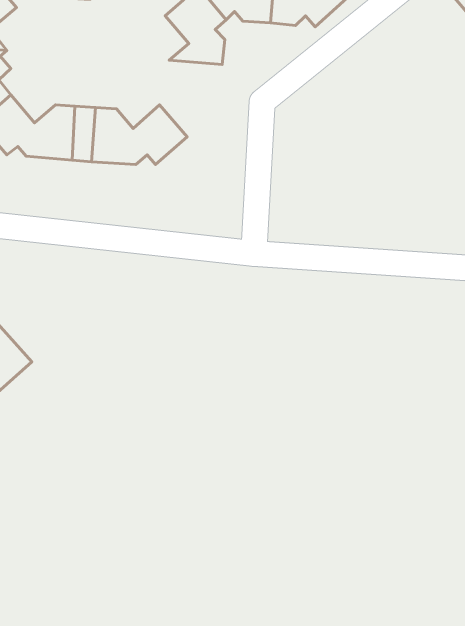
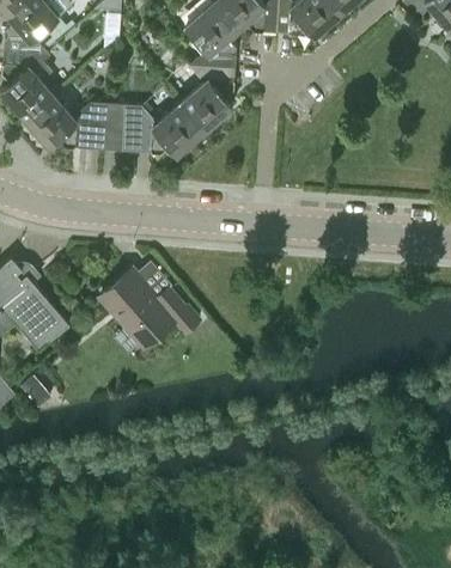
building: none -> [181,65,234,130]
building: none -> [102,270,199,344]

